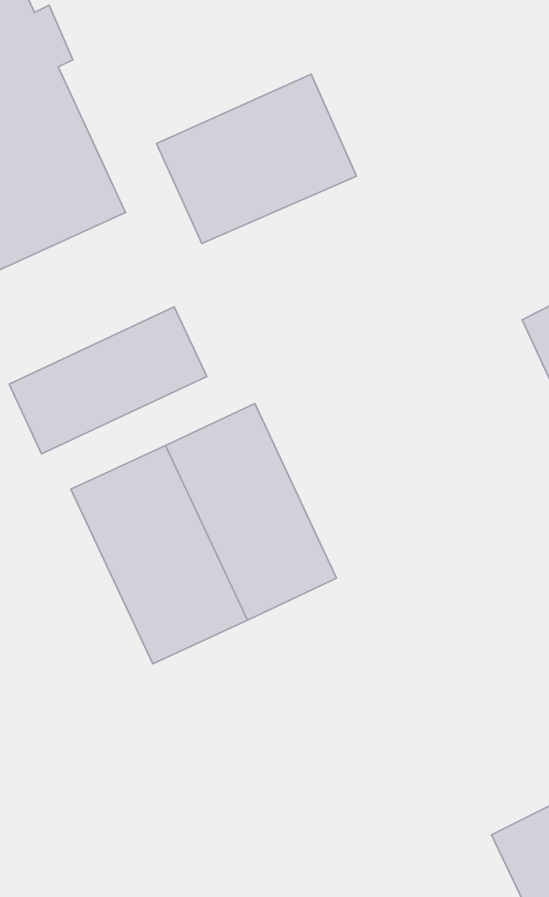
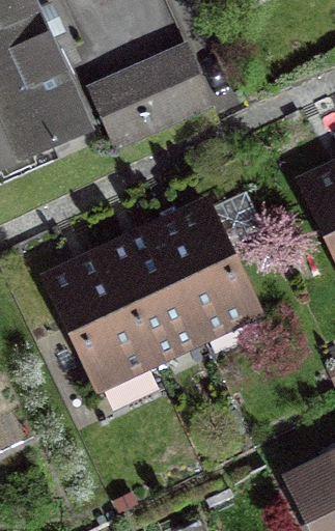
building: [9,307,207,454] -> none
building: none -> [156,211,253,334]

